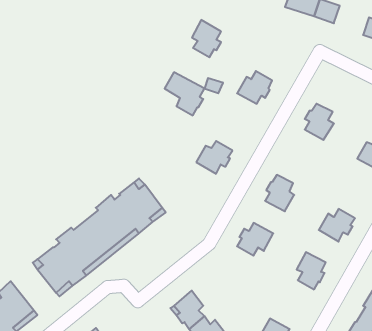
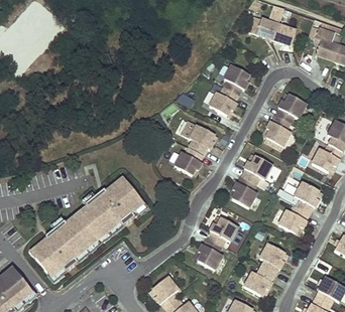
building: [192,20,221,57] -> [222,62,247,95]
building: [165,72,204,115] -> [179,118,213,155]
building: none -> [275,94,306,122]
building: none -> [241,155,272,183]
building: none -> [294,181,319,213]
building: none -> [197,238,222,270]
building: none -> [243,267,273,295]

